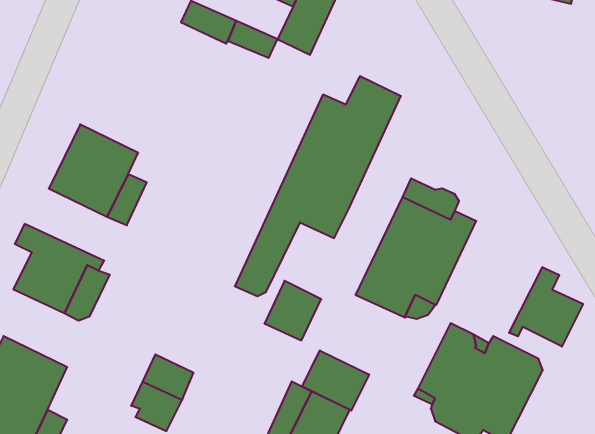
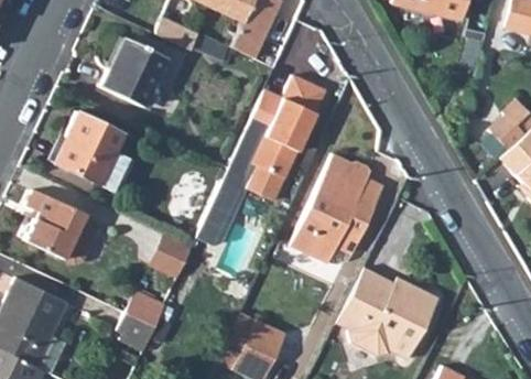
building: none -> [100,39,166,107]
building: [509,267,583,347] -> none
building: [264,281,321,340] -> [149,232,193,279]
building: [302,350,369,411] -> none

